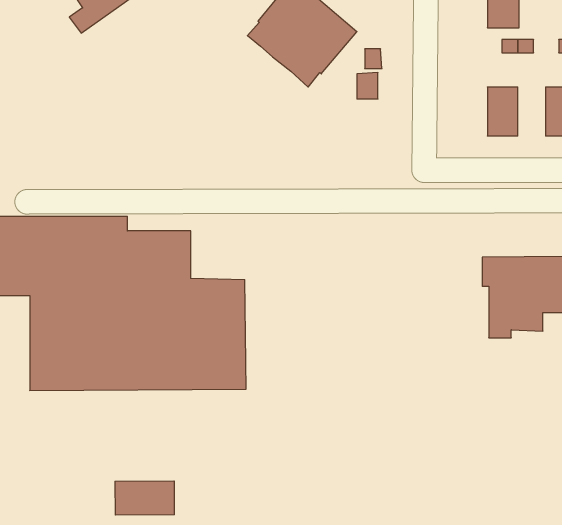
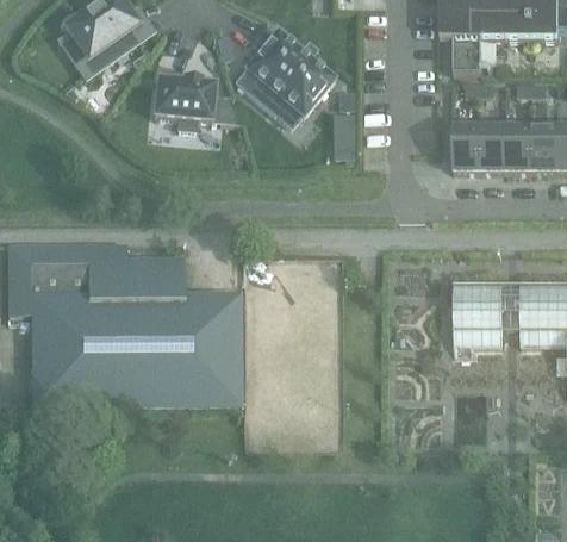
building: none -> [154,79,238,130]
building: none -> [480,126,505,170]
building: [115,481,174,515] -> none

